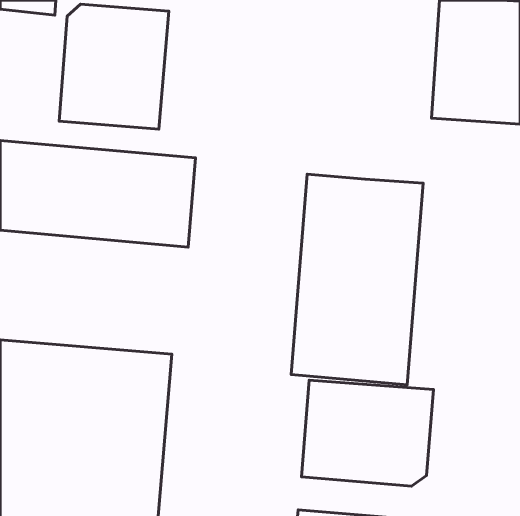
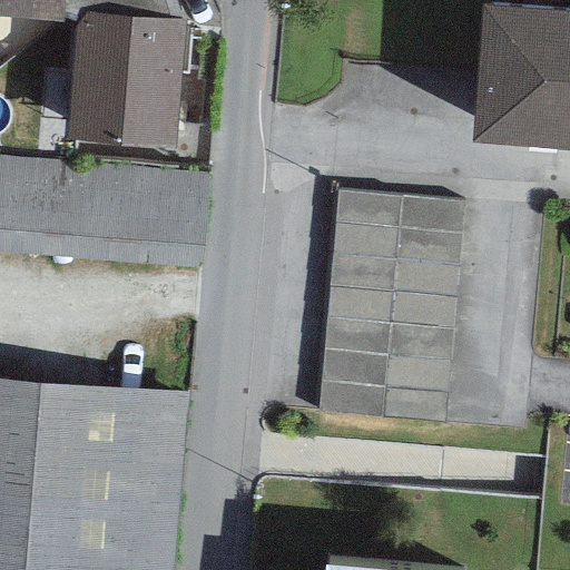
building: [301,380,434,486] -> none

